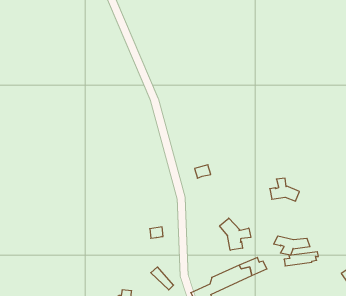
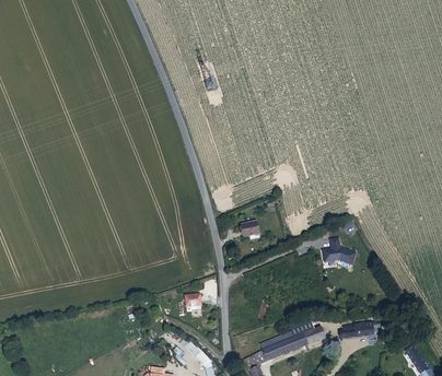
building: [220,218,251,250] -> none
building: [274,236,310,255] -> none

